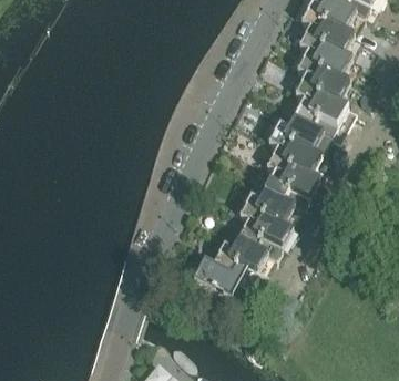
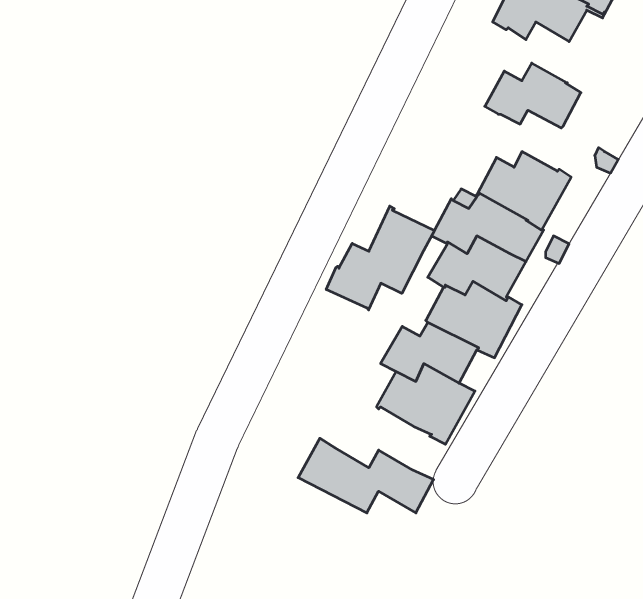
building: [300,20,355,54] -> none
building: [296,70,350,104] -> none
building: none -> [326,206,435,310]
building: [214,237,268,272] -> none

